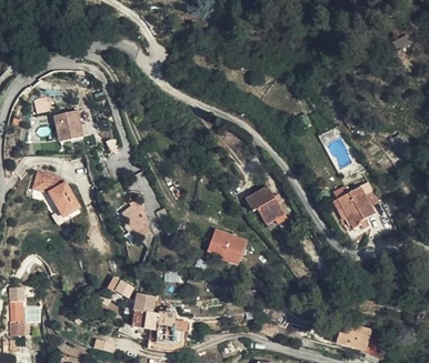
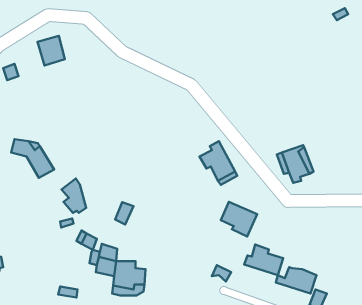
building: [58,114,88,147] -> [37,36,65,65]
building: [124,194,151,232] -> [62,178,86,213]
building: [207,226,247,264] -> [221,202,257,236]
building: none -> [244,245,283,275]

